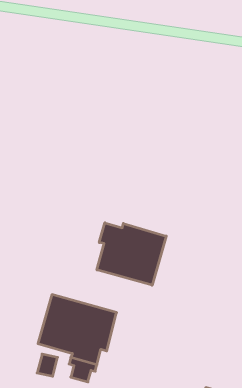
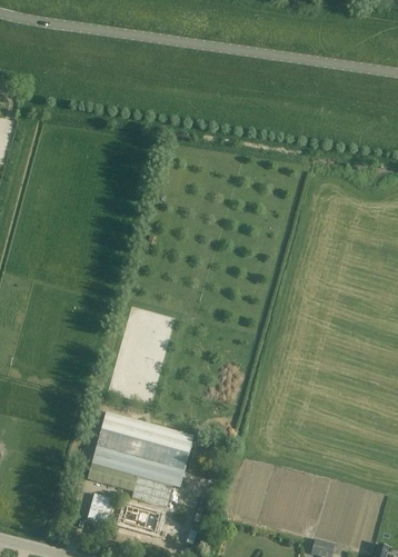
building: [97,223,166,285] -> none

